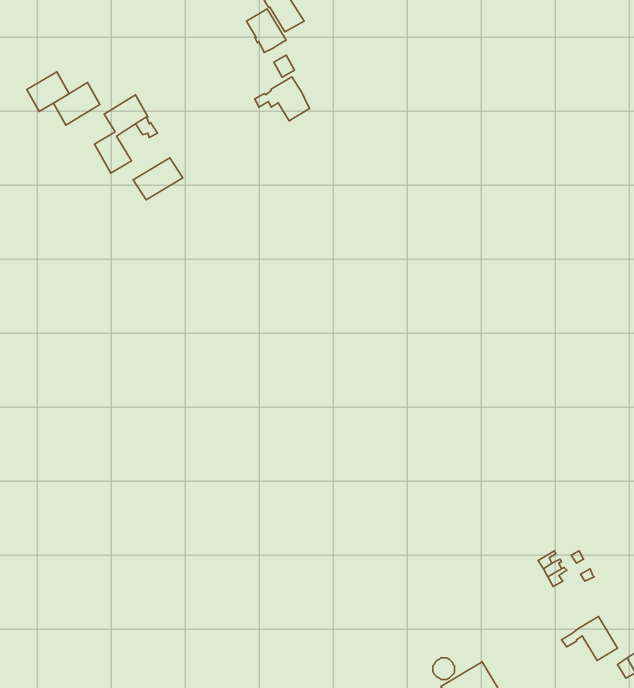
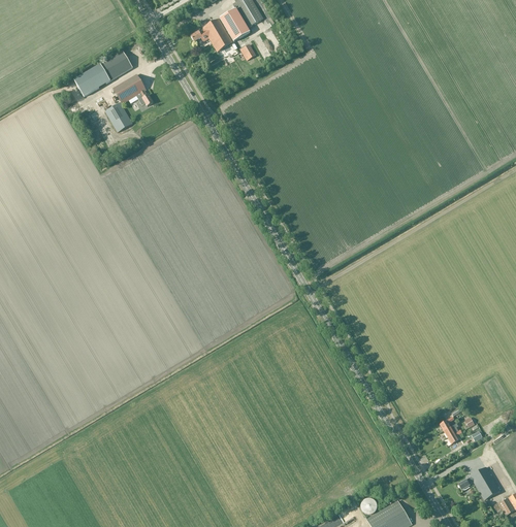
building: [27,72,69,112] -> [100,51,132,80]
building: [255,77,310,121] -> [191,19,232,52]
building: [133,158,183,200] -> none

